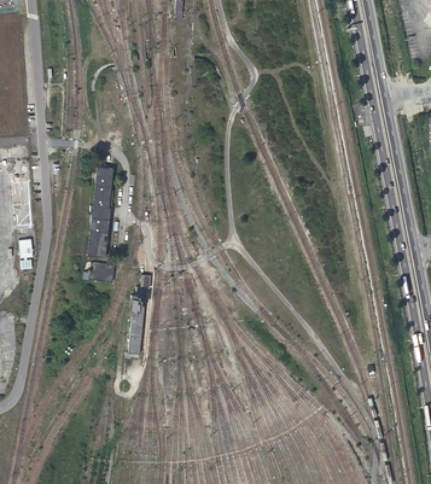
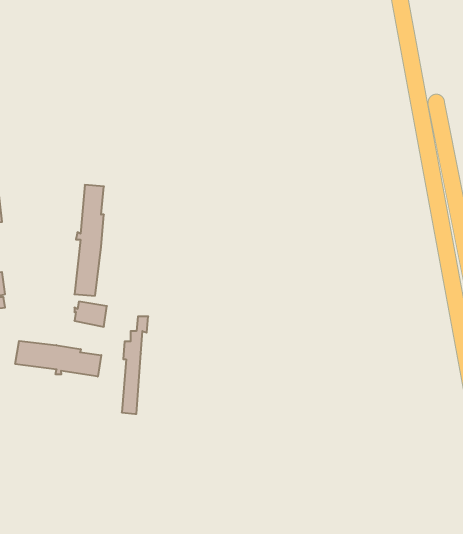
building: none -> [15,341,101,377]

